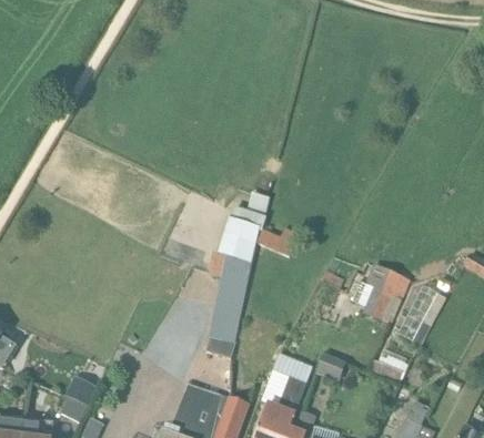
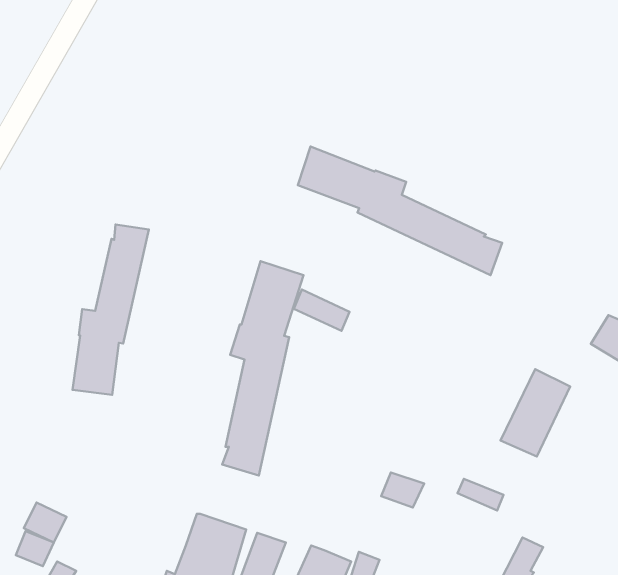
building: none -> [298,146,502,275]
building: none -> [72,225,149,395]
building: [362,265,409,320] -> none
building: [276,368,310,417] -> none

